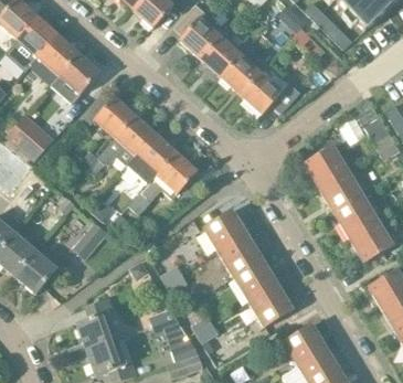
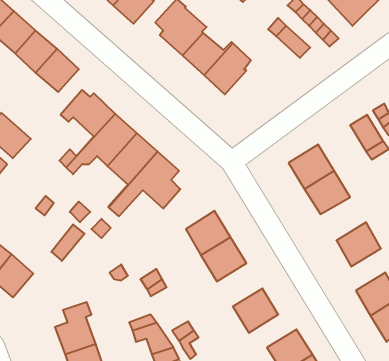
building: [242,73,300,114] -> none
building: [335,195,379,237] -> none
building: [234,259,278,301] -> none

